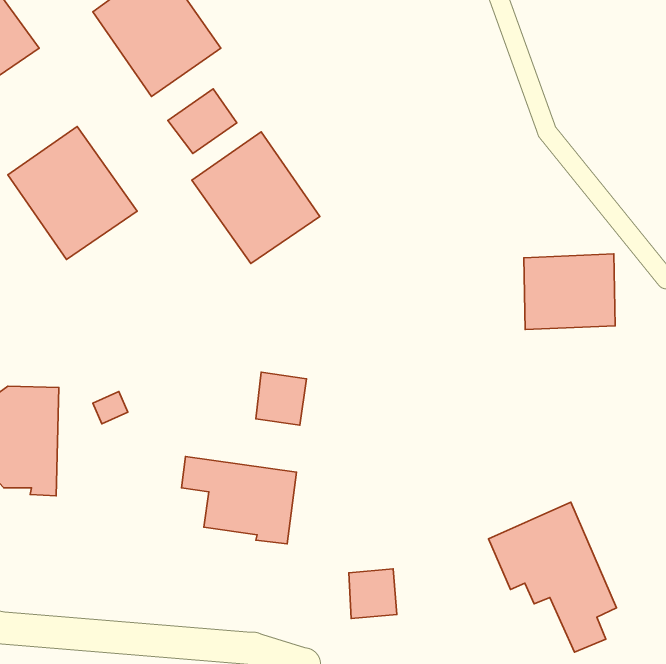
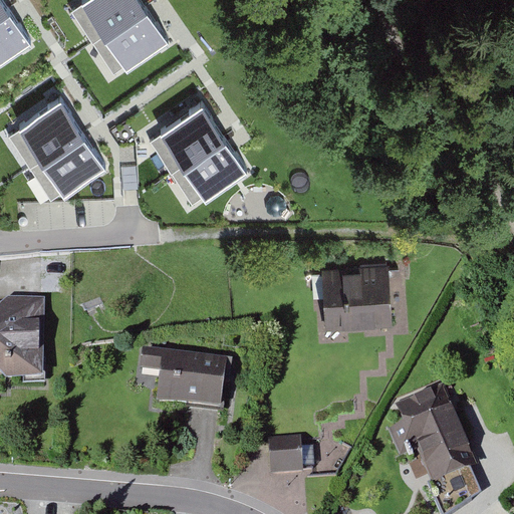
building: [168,89,237,153] -> none
building: [524,254,615,330] -> [322,268,393,326]
building: [256,372,306,425] -> none

